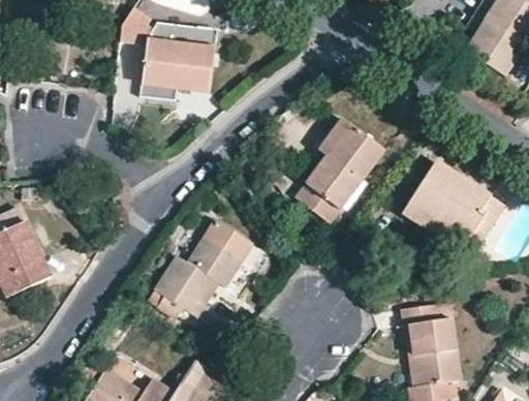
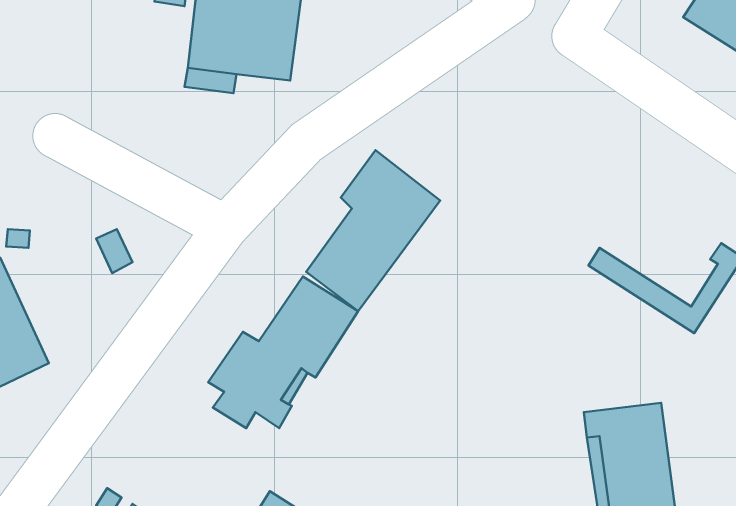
building: [298,117,385,222] -> [306,150,440,311]
building: [411,161,491,239] -> none

